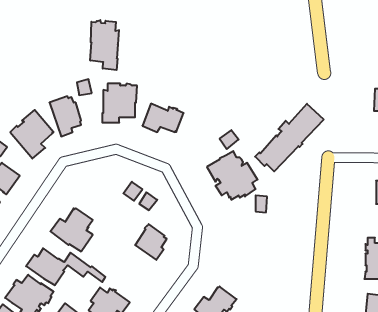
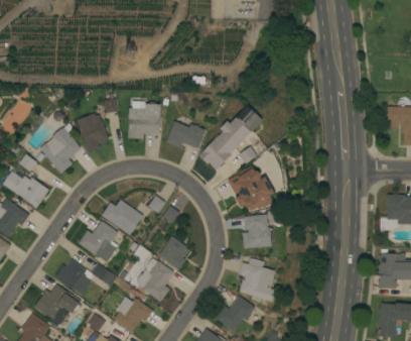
building: [90,20,119,70] -> none
building: [255,104,324,171] -> [197,105,263,169]
building: none -> [101,200,143,235]
building: none -> [243,215,272,249]
building: none -> [136,258,173,302]
building: none -> [239,258,275,302]

